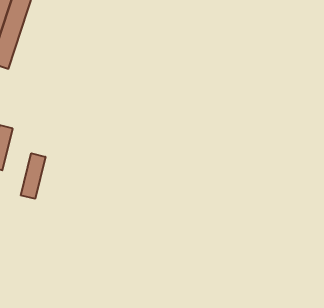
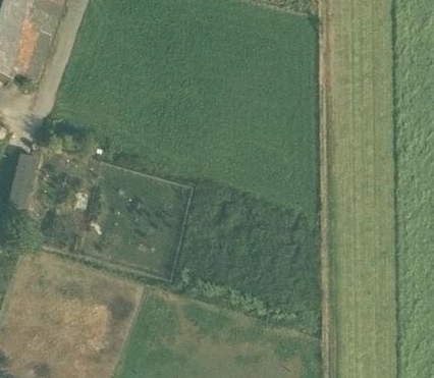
building: [21,153,45,199] -> none

